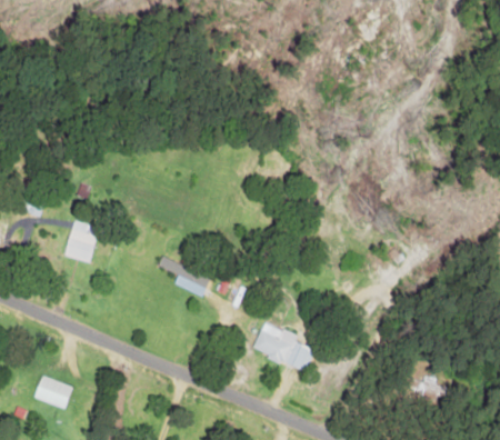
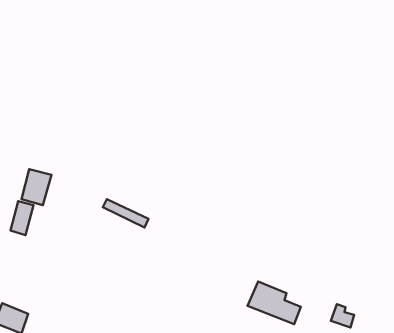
building: none -> [11,201,34,235]
building: [252,323,313,372] -> [248,282,301,324]

